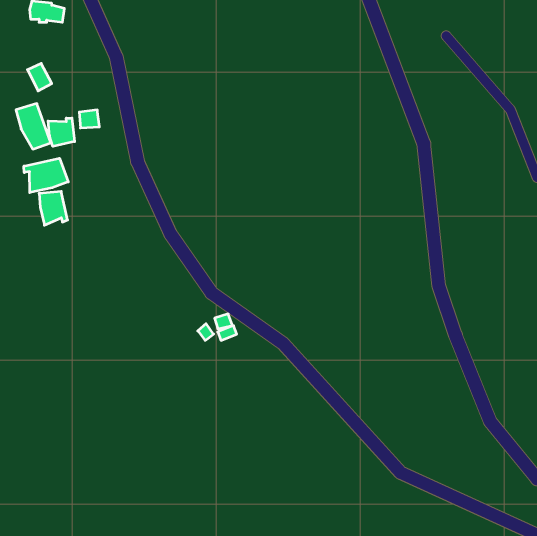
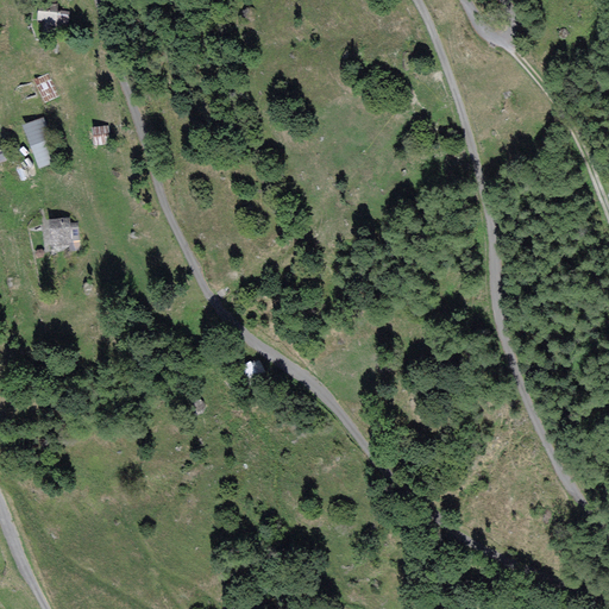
building: [48,118,75,146] -> none
building: [24,158,68,193] -> none

